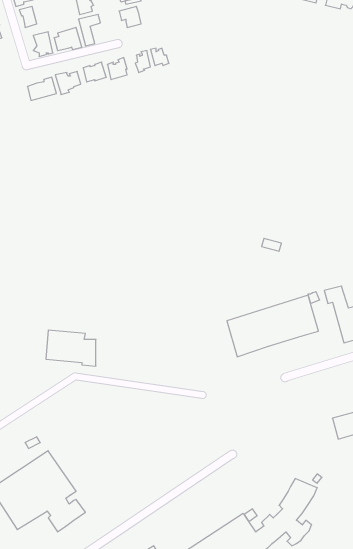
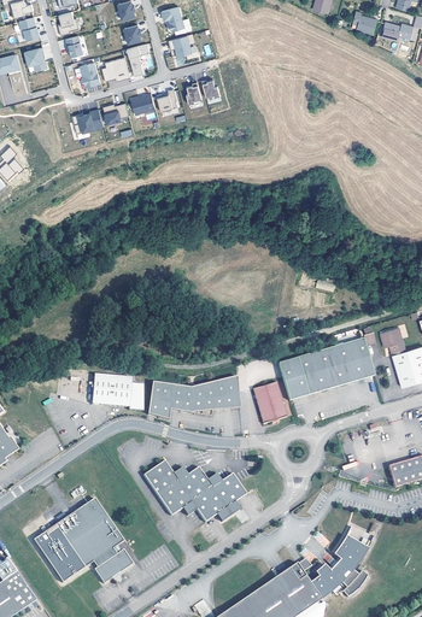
building: none -> [147,376,240,418]
building: none -> [253,382,287,422]
building: none -> [143,459,246,519]

